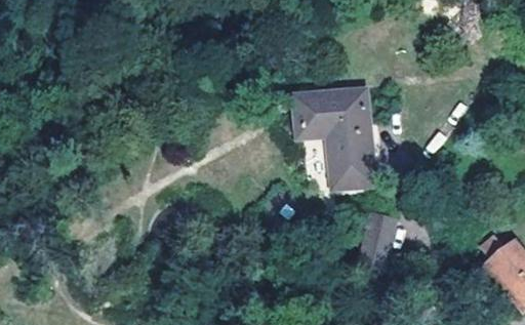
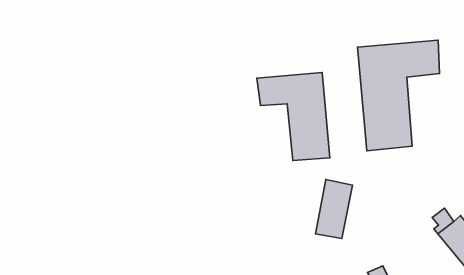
building: none -> [358,40,439,151]

